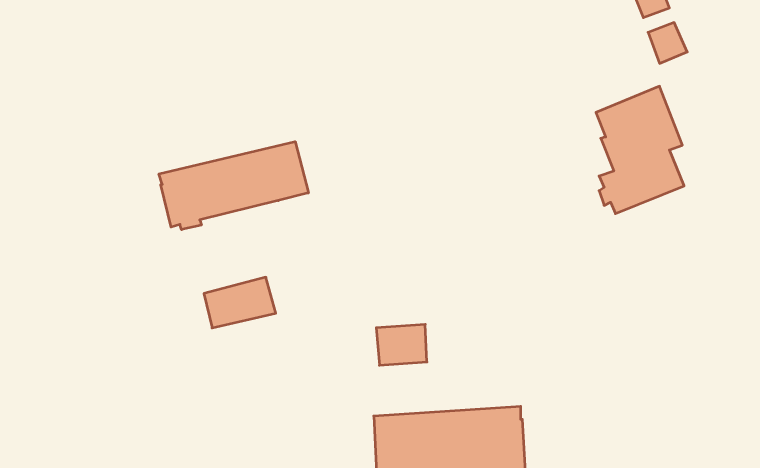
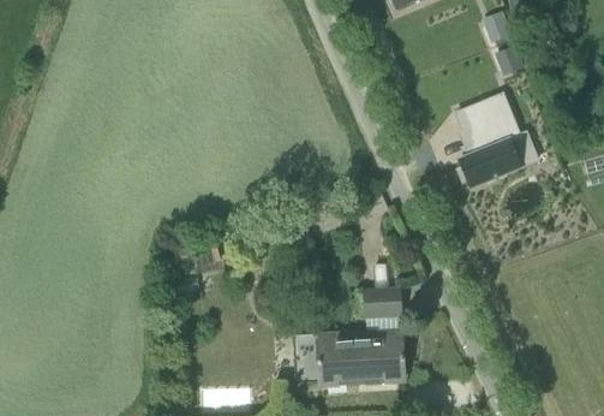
building: [159,142,308,230] -> none
building: [376,324,427,365] -> [365,289,402,319]

